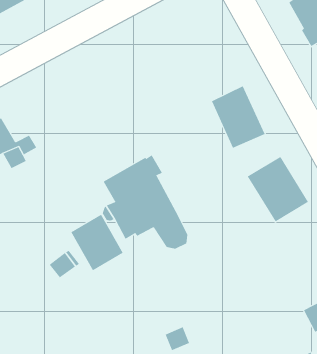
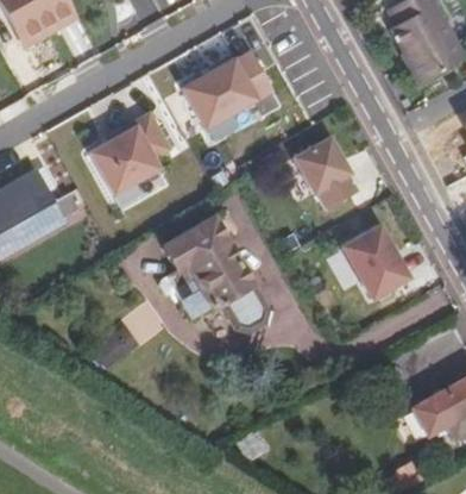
building: none -> [183,60,259,130]
building: none -> [88,108,182,193]
building: [71,214,123,271] -> none

